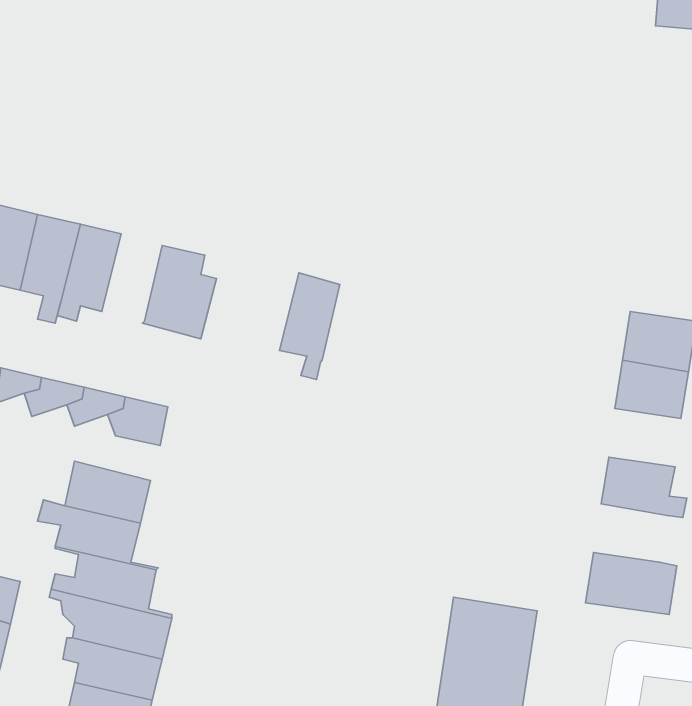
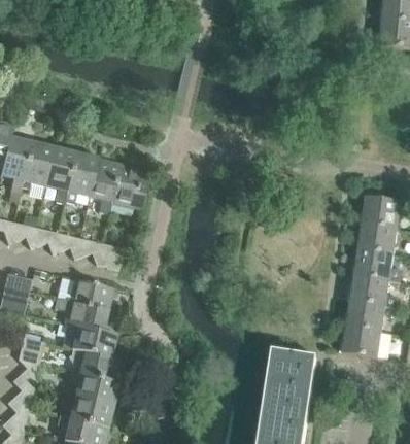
building: [280,273,340,380] -> [86,156,117,212]
building: none -> [354,248,392,279]
building: none -> [346,299,385,330]

